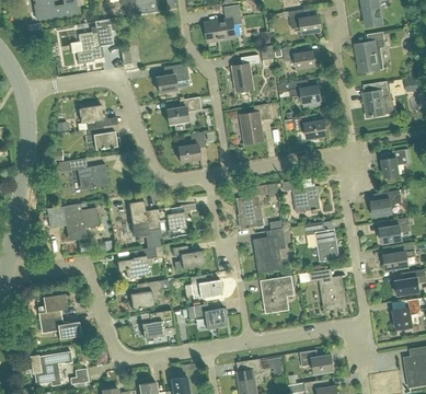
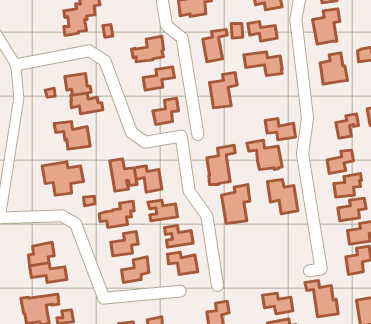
building: [292,115,326,139] -> [265,118,296,140]
building: [309,270,346,311] -> [305,281,338,317]
building: [261,276,292,314] -> none

